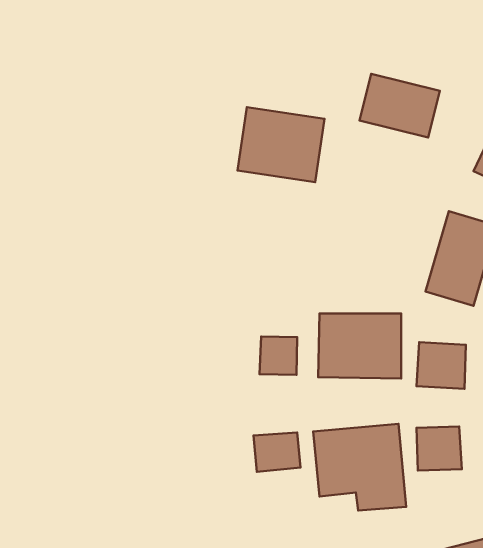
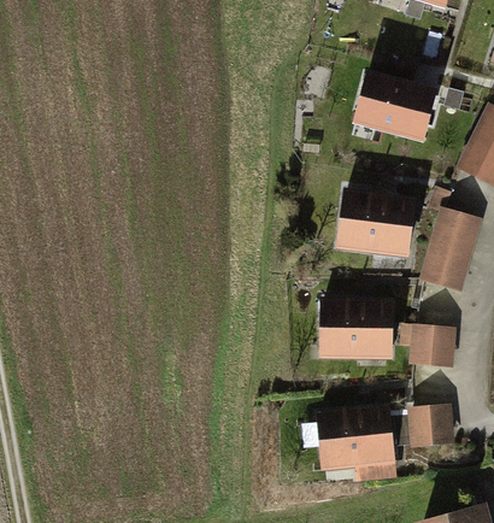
building: [238,107,324,182] -> [336,187,417,257]
building: [260,337,297,375] -> none
building: [254,432,300,472] -> none

